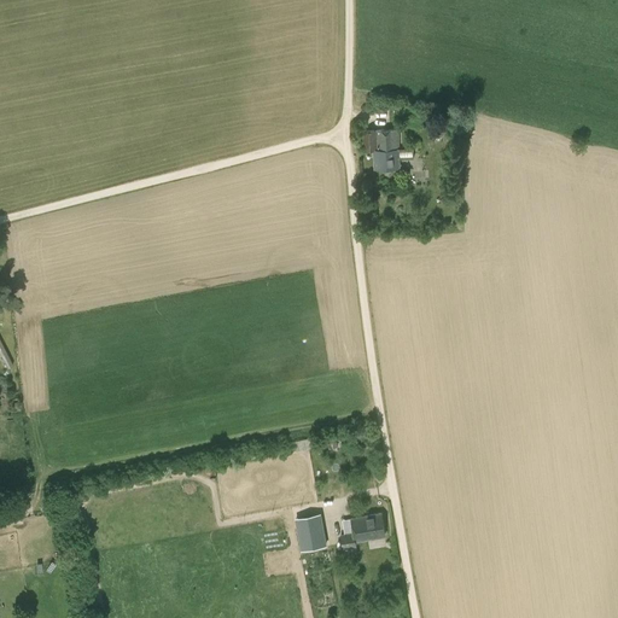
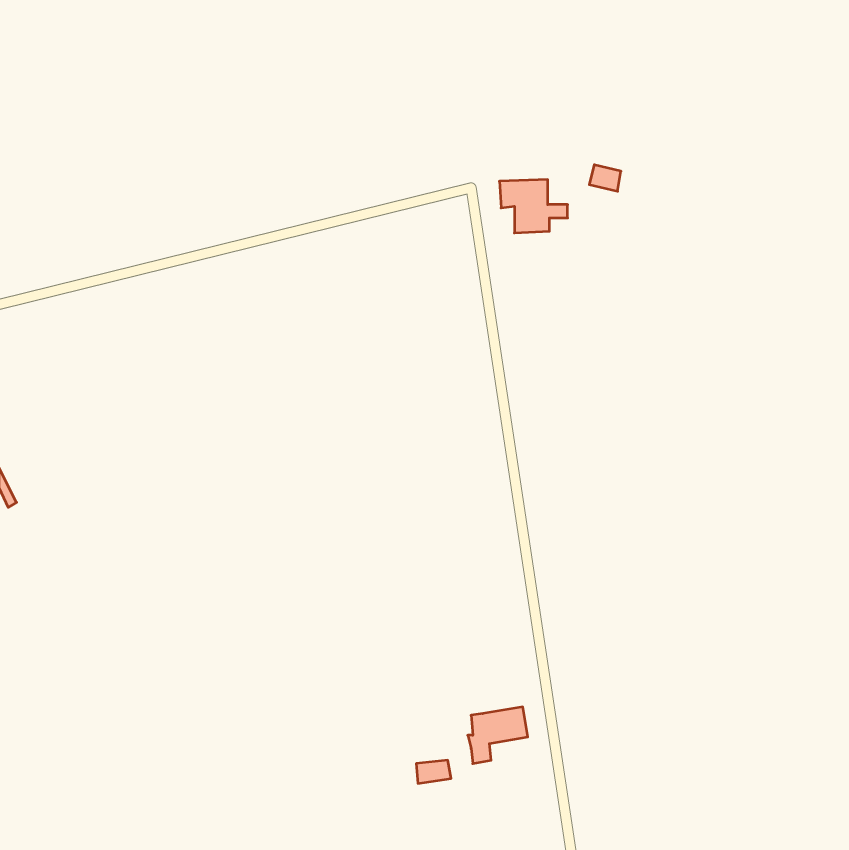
building: [296,521,323,550] -> none

